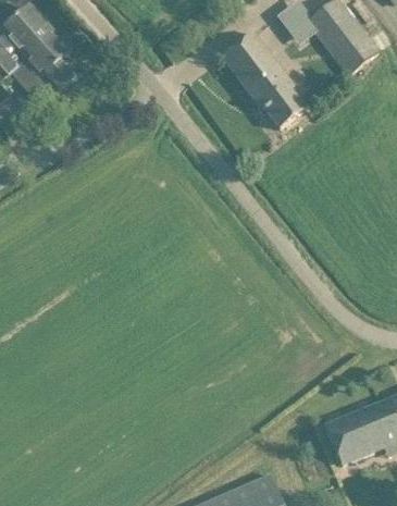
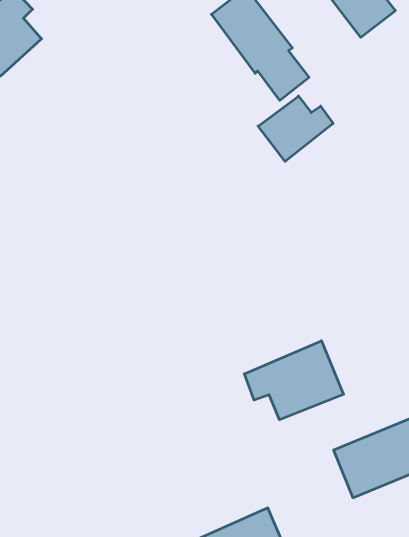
building: none -> [258,96,333,161]
building: none -> [244,341,344,420]

